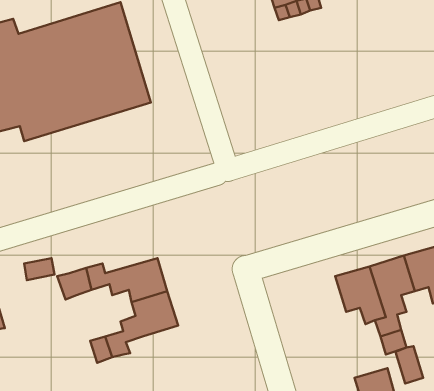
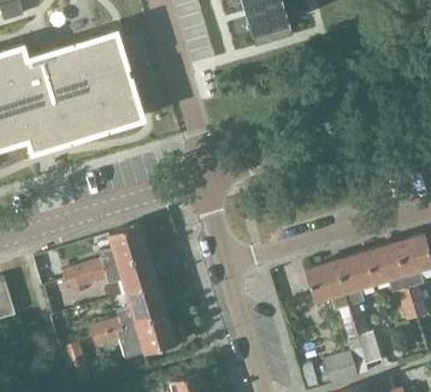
building: none -> [99,225,149,268]
building: none -> [119,314,177,360]

